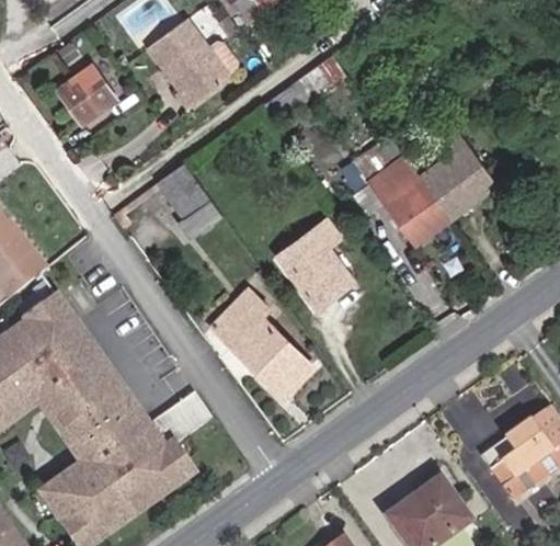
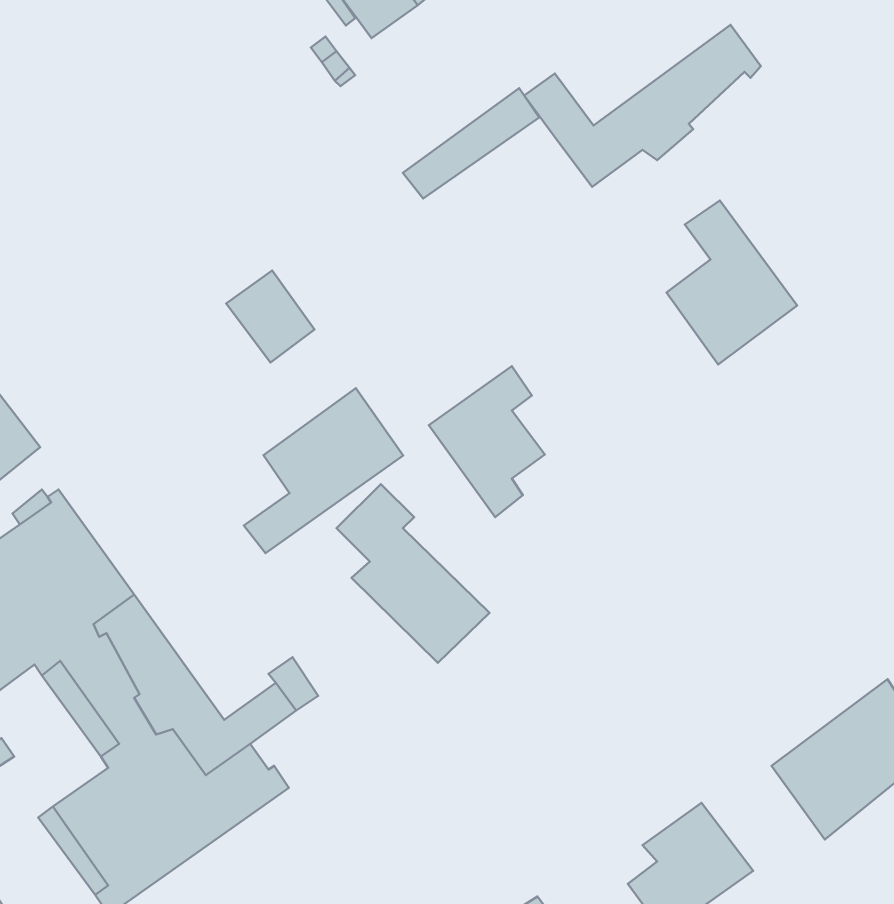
building: none -> [524,25,761,187]
building: [136,30,227,116] -> none
building: [58,66,114,123] -> none
building: [367,156,448,243] -> none
building: none -> [244,388,403,553]

